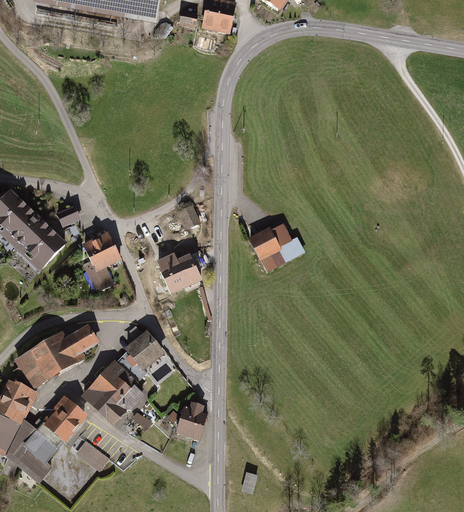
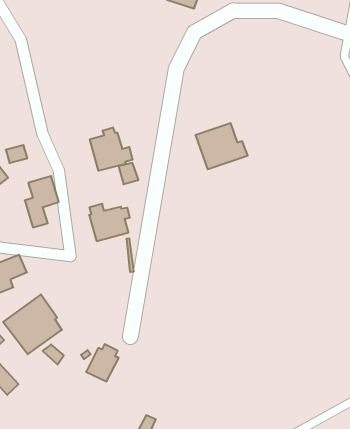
building: none -> [90,127,132,171]
building: [245,220,303,272] -> [196,123,248,169]
building: [126,331,166,371] -> none

